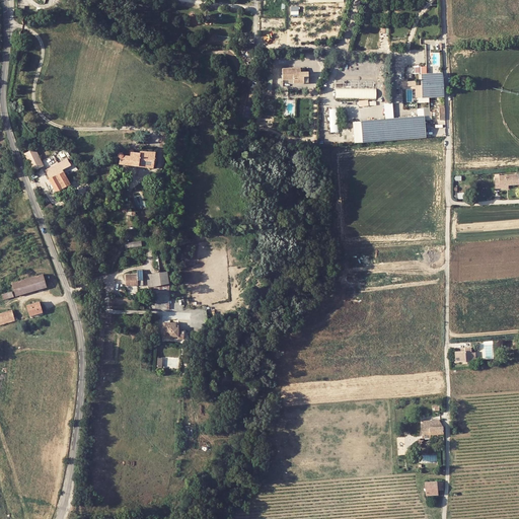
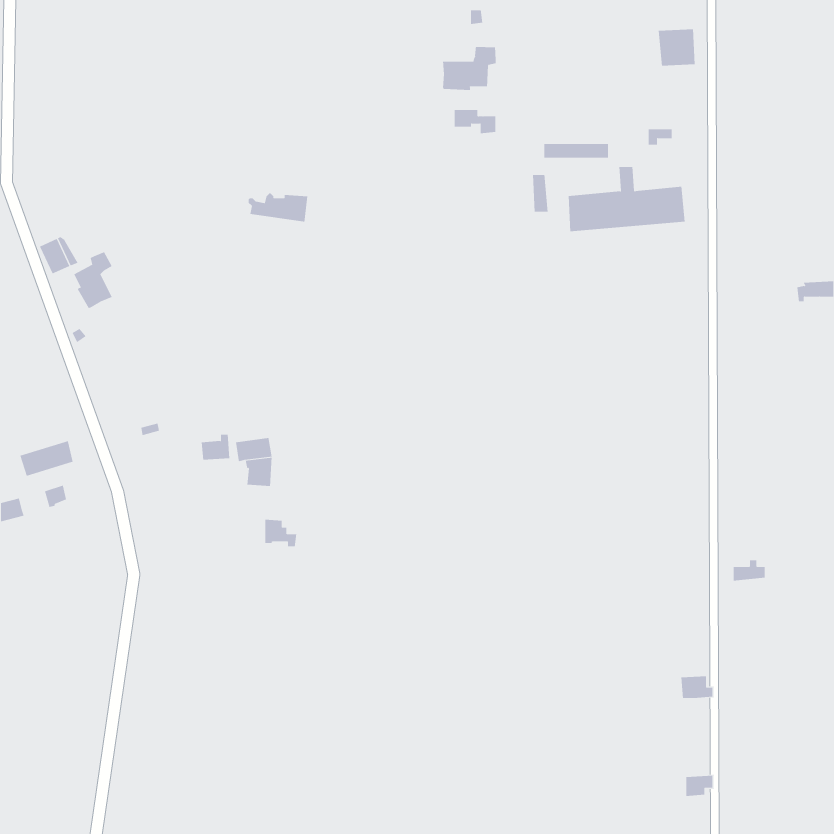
building: none -> [443,46,496,91]
building: [421,73,444,96] -> [658,29,695,66]
building: [118,150,155,168] -> [248,193,308,222]

